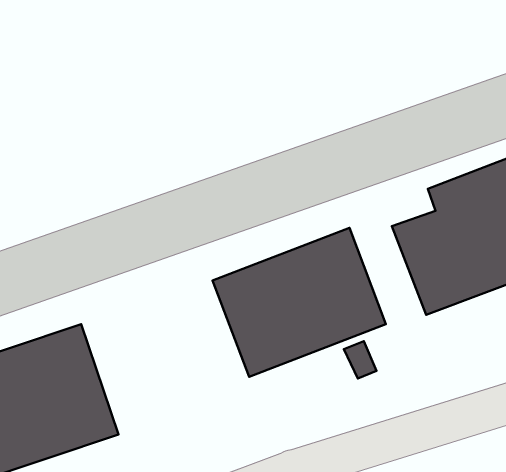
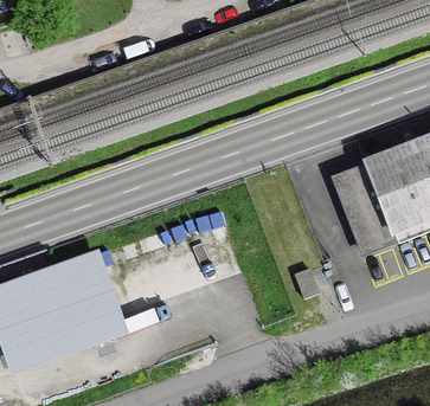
building: [213,228,386,377] -> none

